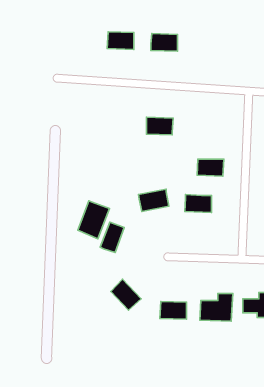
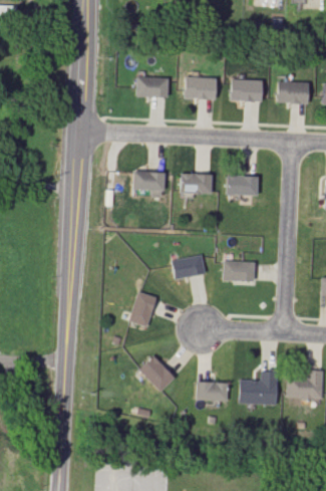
building: none -> [232,80,262,100]
building: none -> [277,82,307,102]
building: none -> [133,171,164,191]
building: [197,159,224,176] -> [226,175,256,194]
building: [78,201,110,239] -> none

